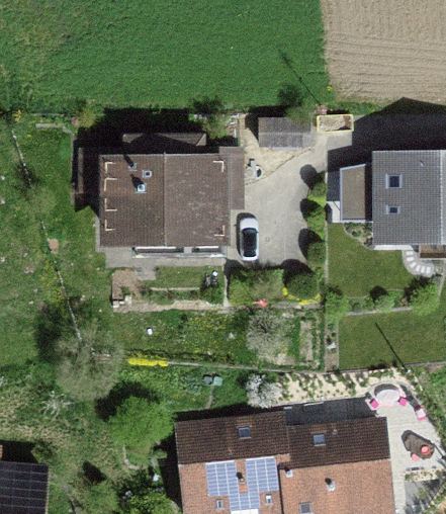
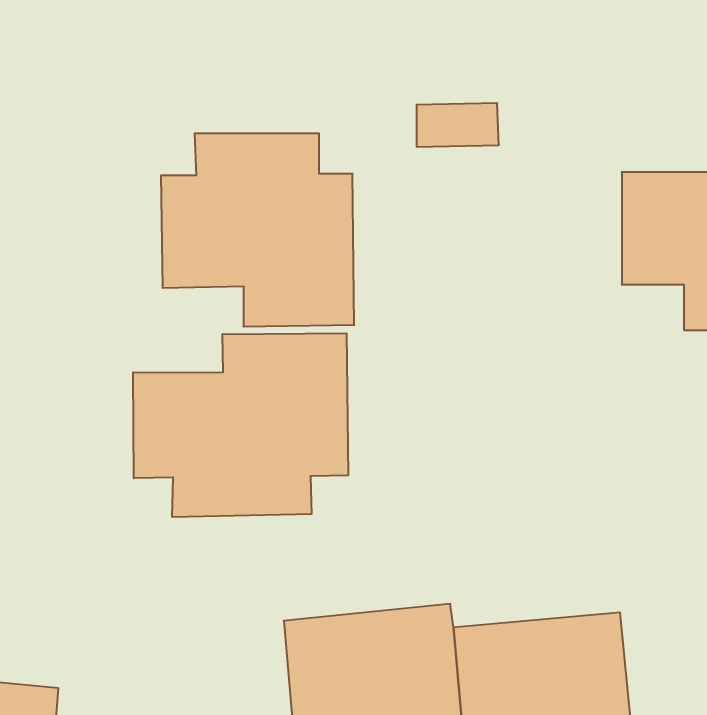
building: none -> [133,333,348,517]

